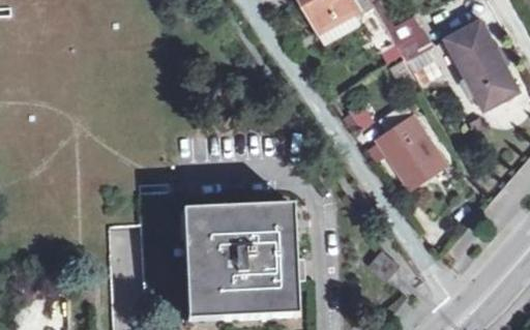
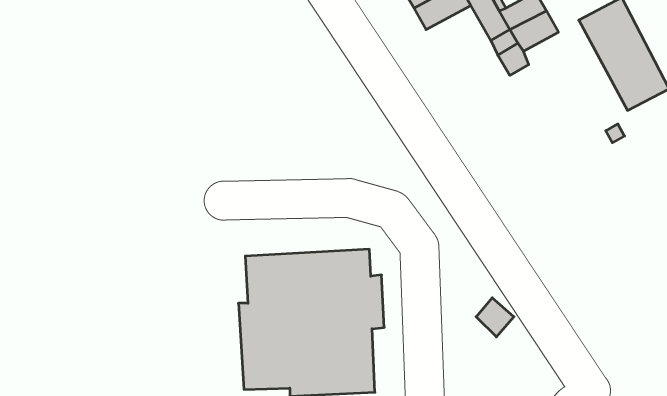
building: [378,99,442,182] -> none

